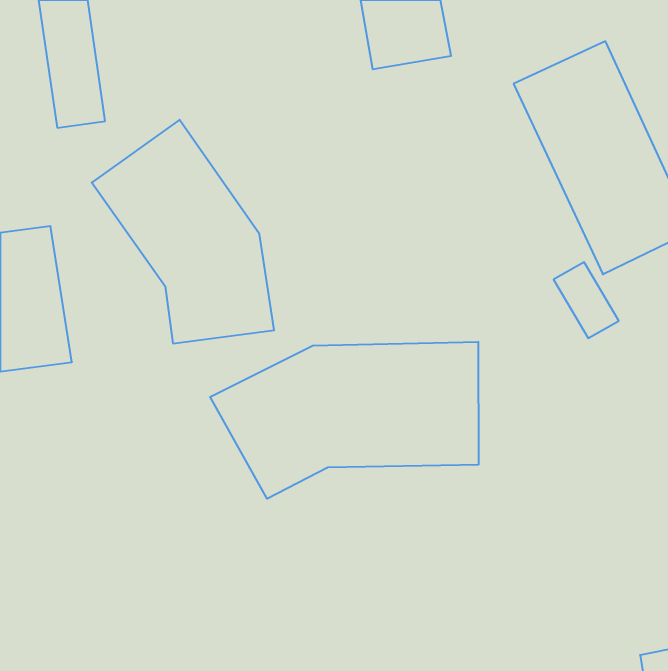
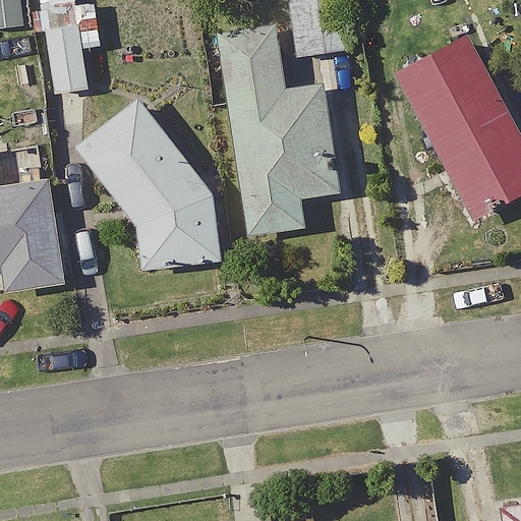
building: none -> [217,24,338,236]
building: [210,342,478,499] -> none

